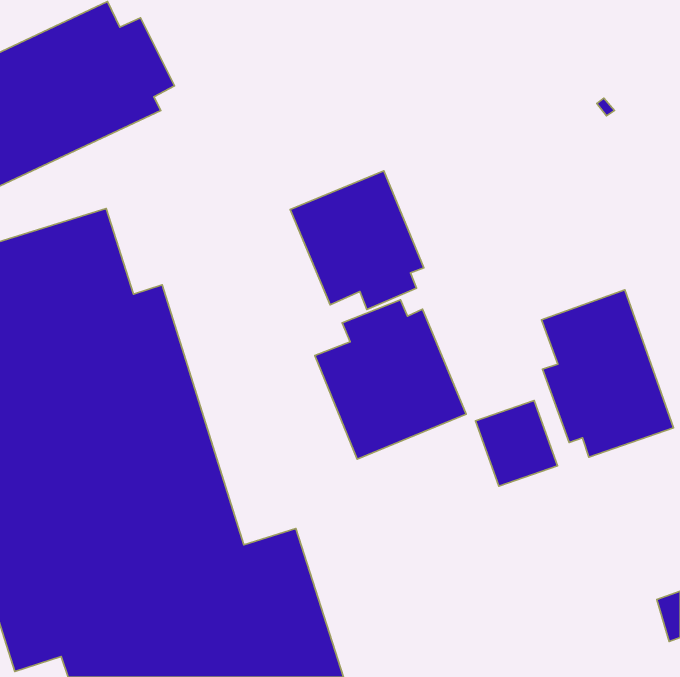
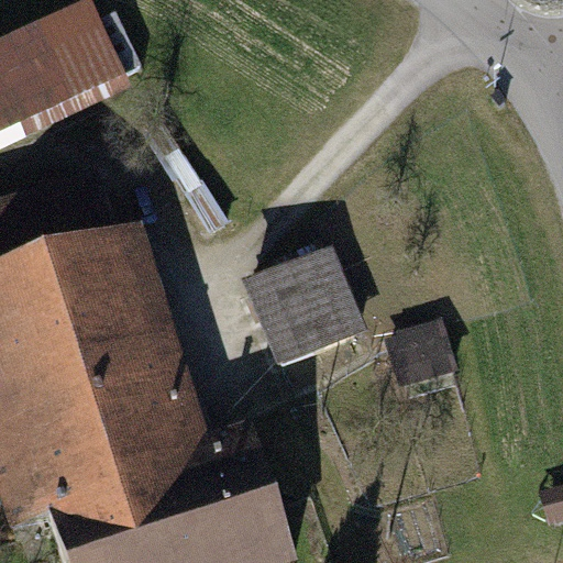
building: [290,171,424,309] -> none
building: [542,290,674,457] -> none

